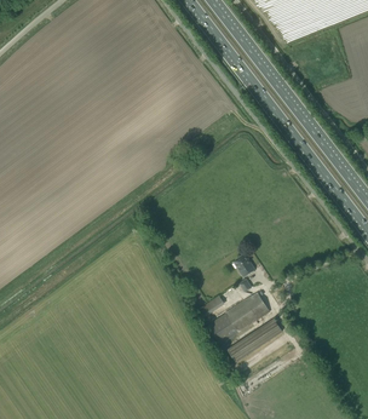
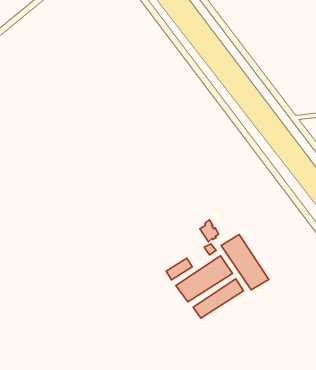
building: none -> [221,234,269,290]

